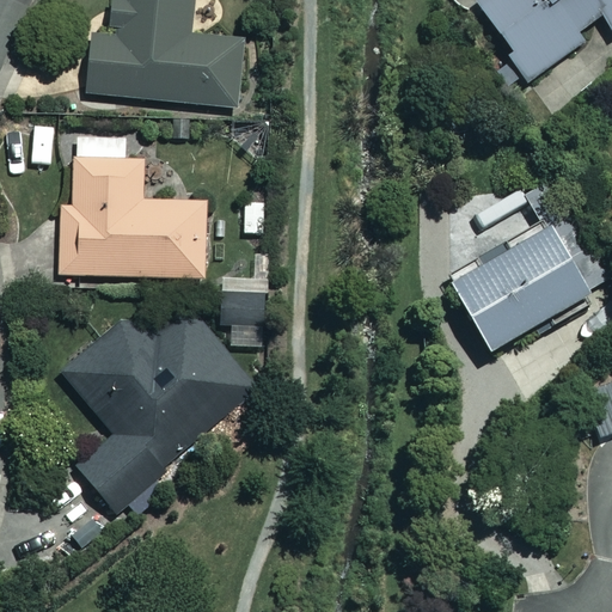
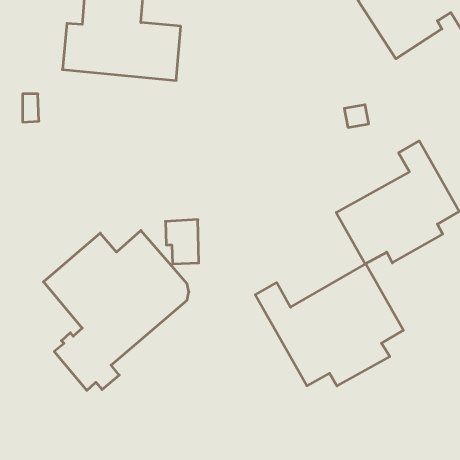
building: [61,135,204,276] -> none
building: none -> [255,264,403,386]

